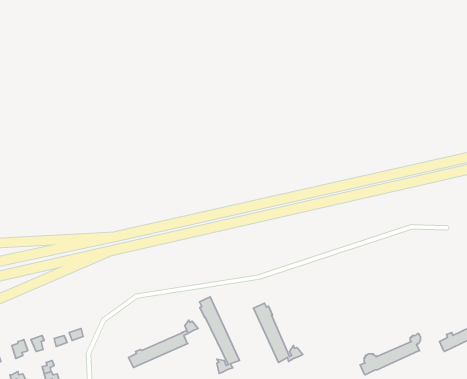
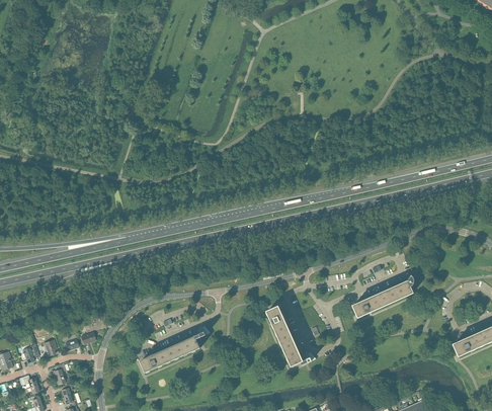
building: [200,297,240,374] -> none
building: [360,334,420,375] -> [352,275,413,317]

